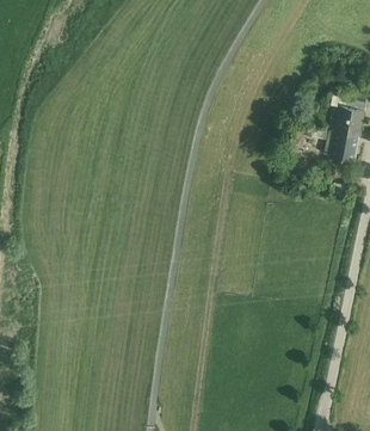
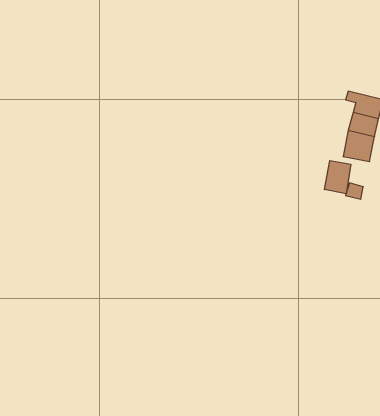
building: none -> [324,161,351,194]

